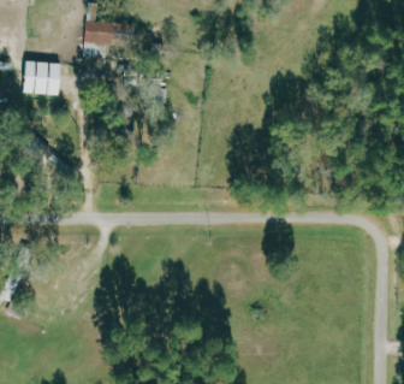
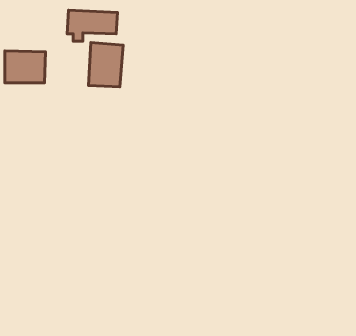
building: none -> [89,42,123,87]

